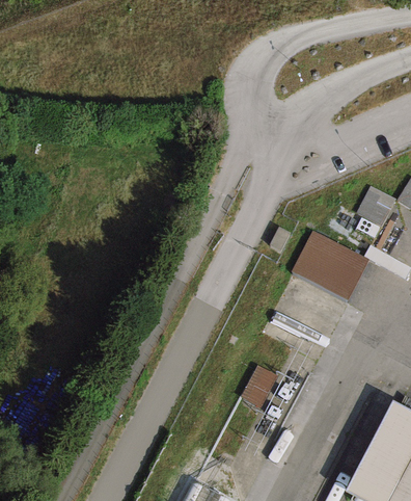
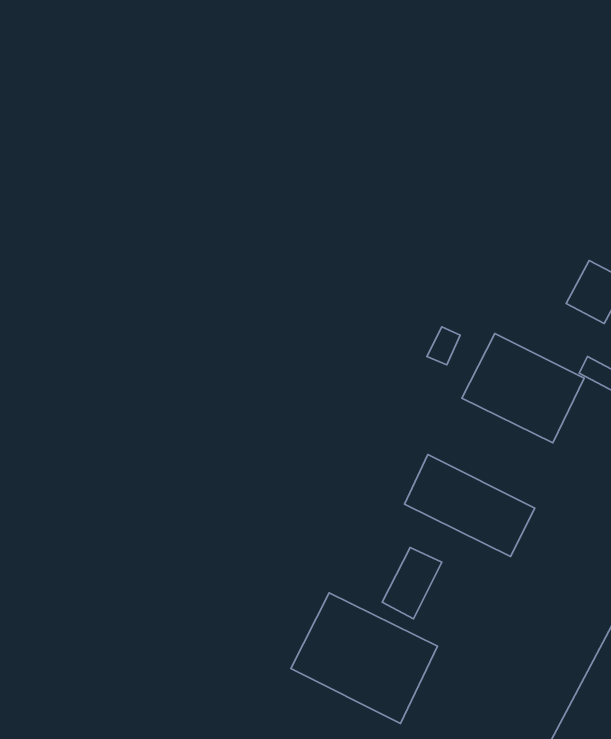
building: none -> [405,454,535,557]
building: none -> [291,593,437,723]

